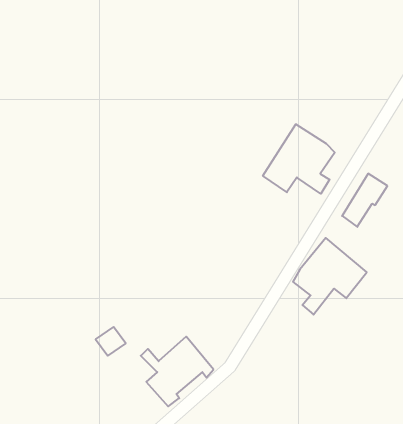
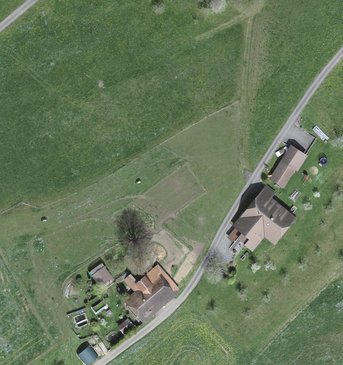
building: [263,124,335,194] -> none

